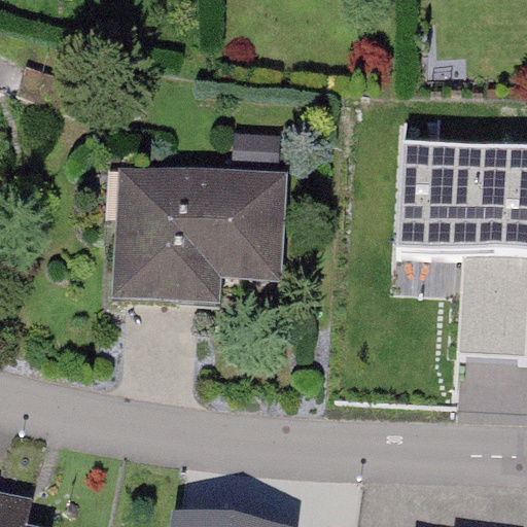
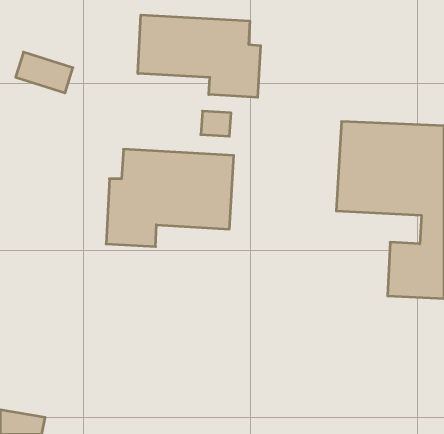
building: none -> [138,15,261,97]

